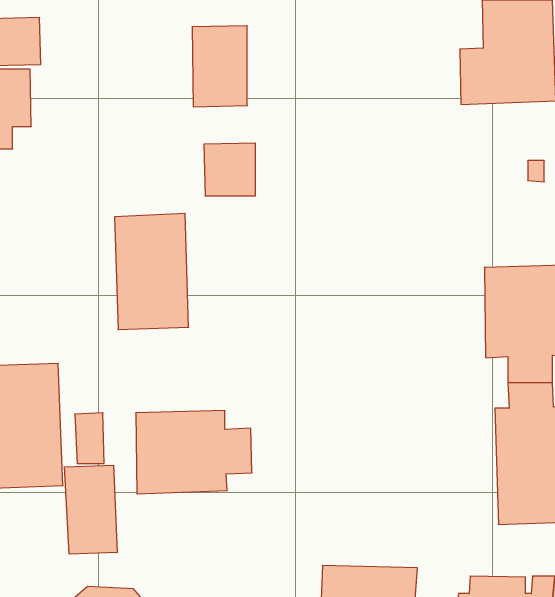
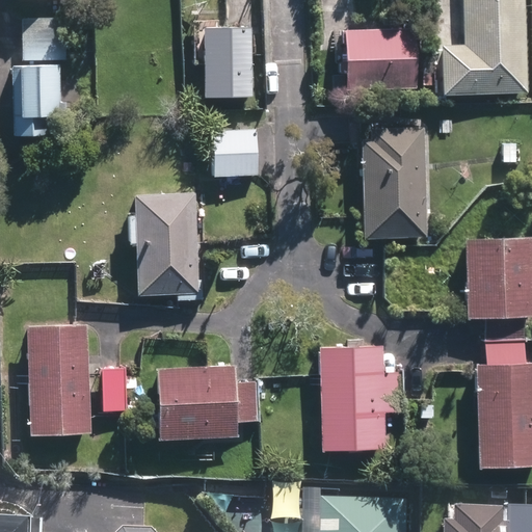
building: none -> [343,29,416,89]
building: none -> [361,127,426,238]
building: none -> [318,345,403,450]
building: [65,465,117,554] -> none

